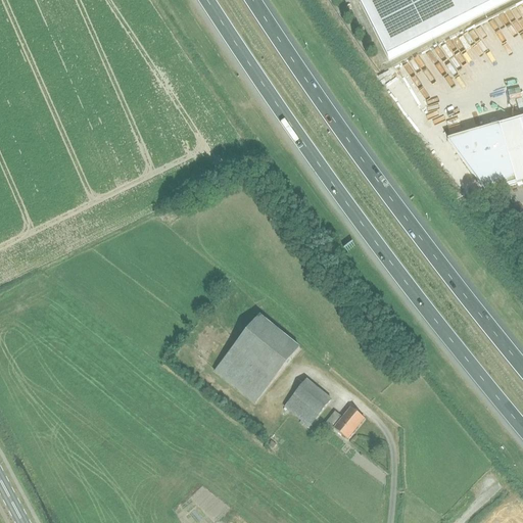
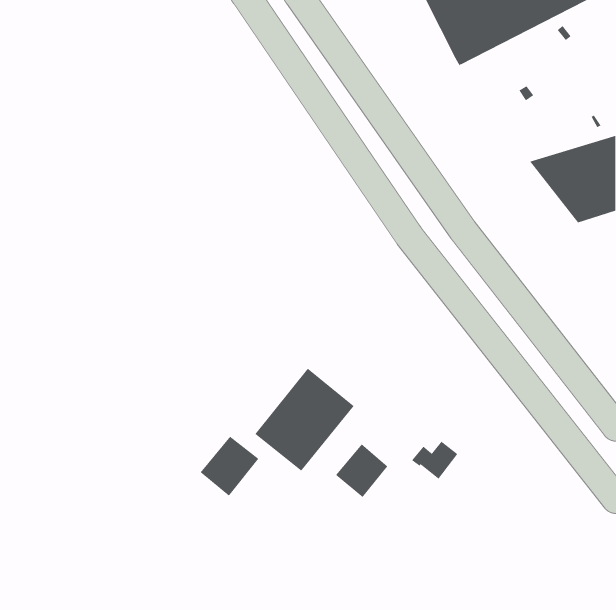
building: none -> [200,436,259,496]
building: [325,403,365,436] -> [411,441,458,480]

